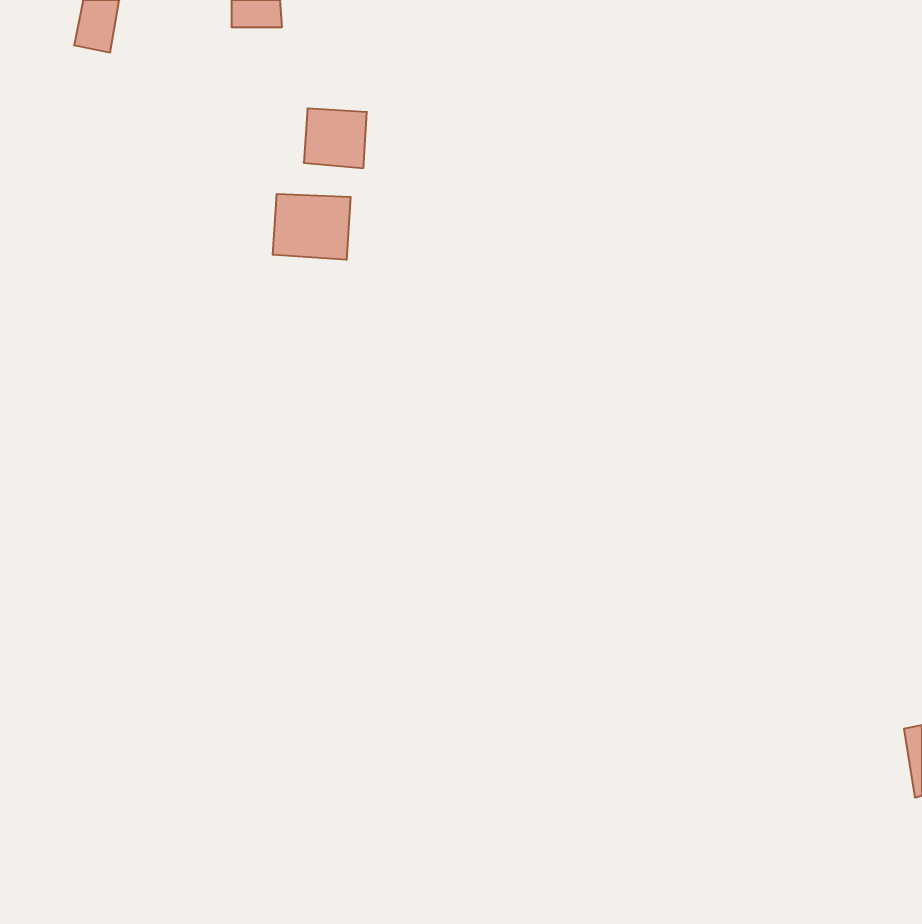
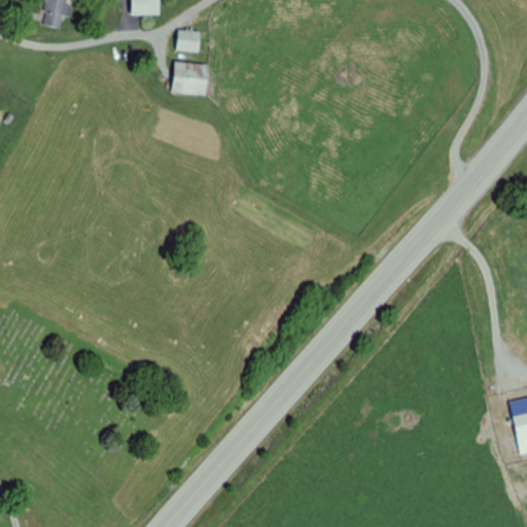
building: none -> [177,30,201,51]
building: [273,194,351,260] -> none

